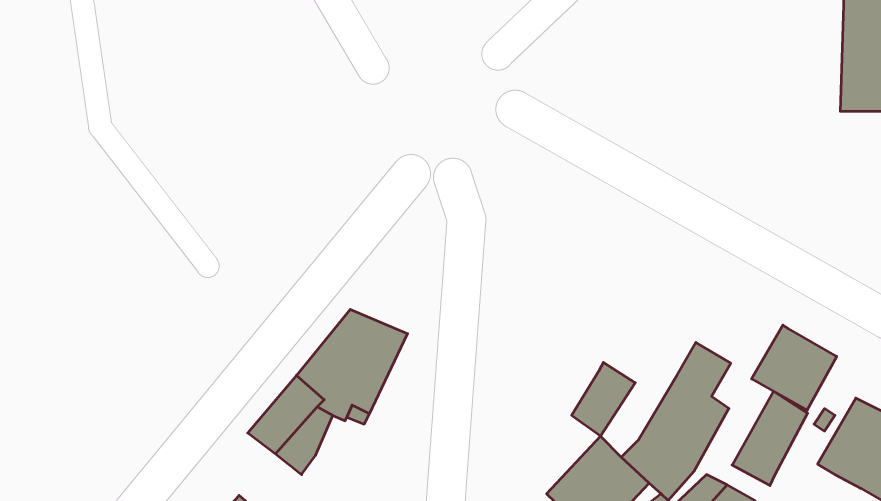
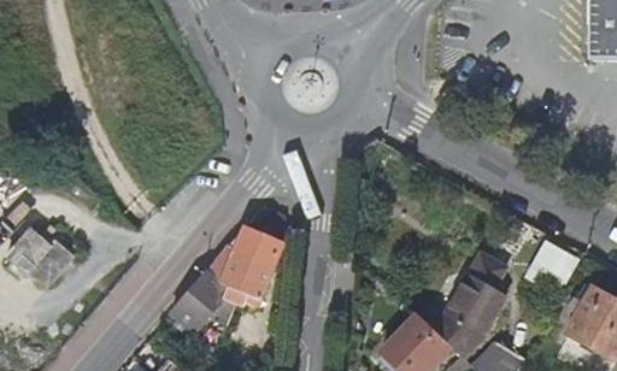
building: none -> [7,222,76,284]
building: [572,362,635,436] -> none
building: [732,391,808,486] -> none

